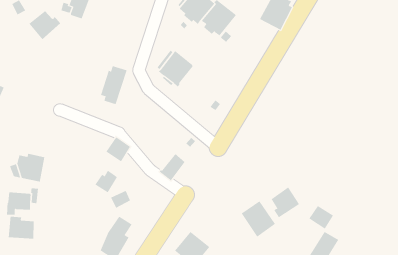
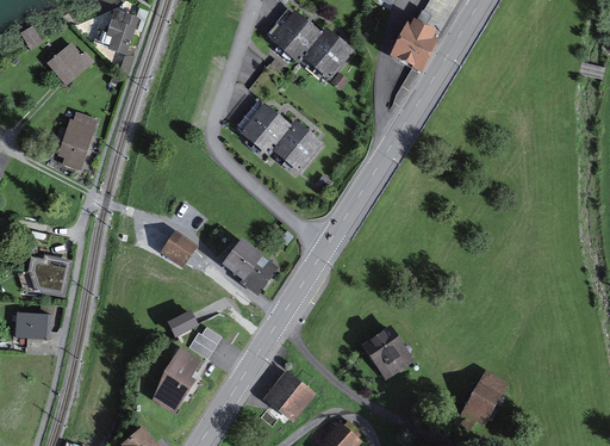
building: none -> [270,118,324,173]
building: [100,65,127,105] -> [57,111,98,169]
building: none -> [222,237,263,279]
building: [95,170,118,193] -> [187,326,222,360]
building: [271,187,300,218] -> none
building: [309,205,334,230] -> none
building: [8,216,34,239] -> none

